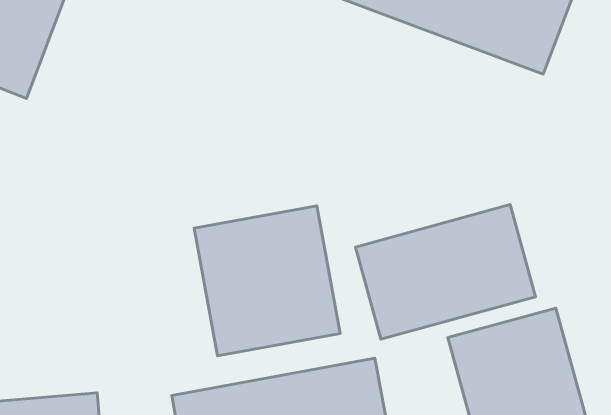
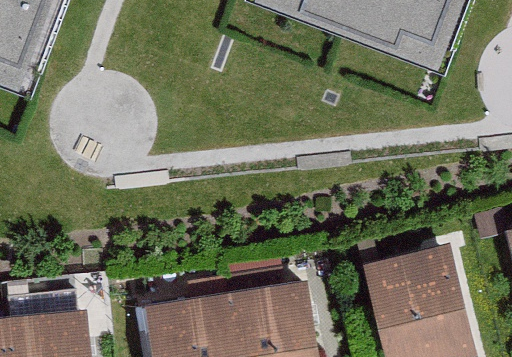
building: [355,205,536,339] -> none
building: [194,206,340,356] -> none

